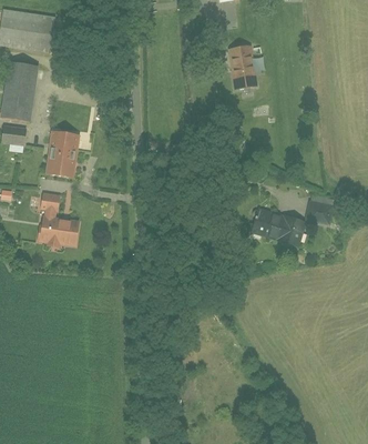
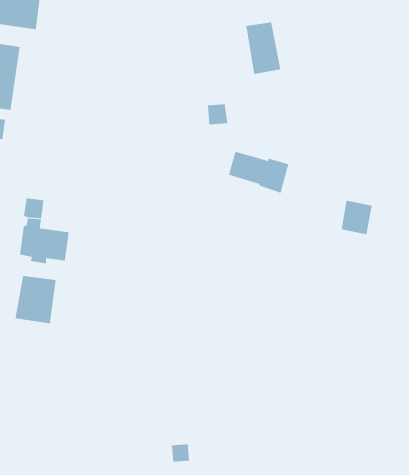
building: [45,130,79,176] -> none
building: [251,211,301,246] -> [228,151,289,193]
building: none -> [15,275,56,324]

